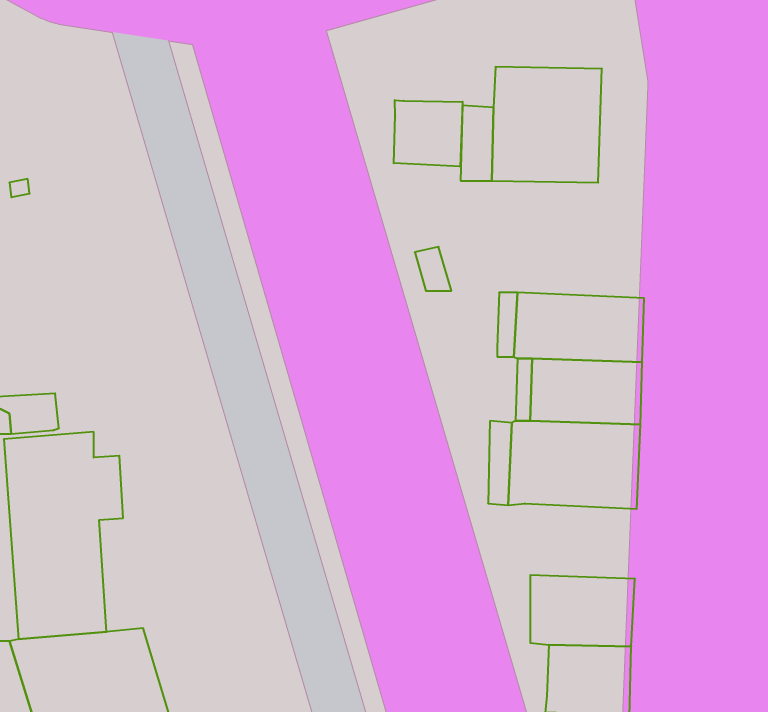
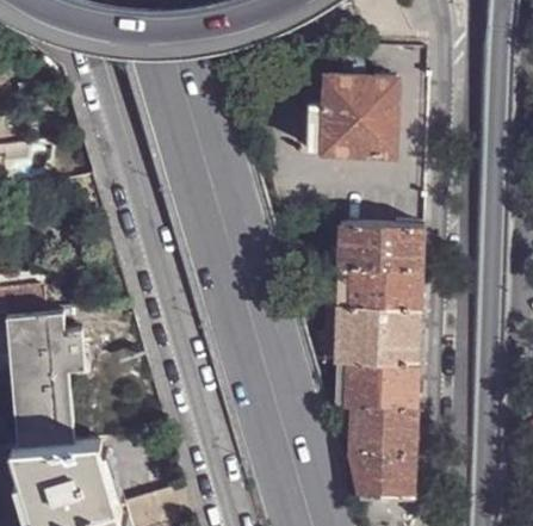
building: [394,100,463,167] -> none
building: none -> [346,360,420,409]

